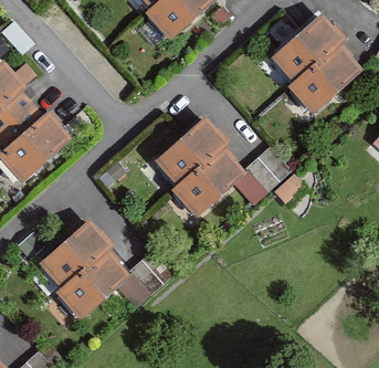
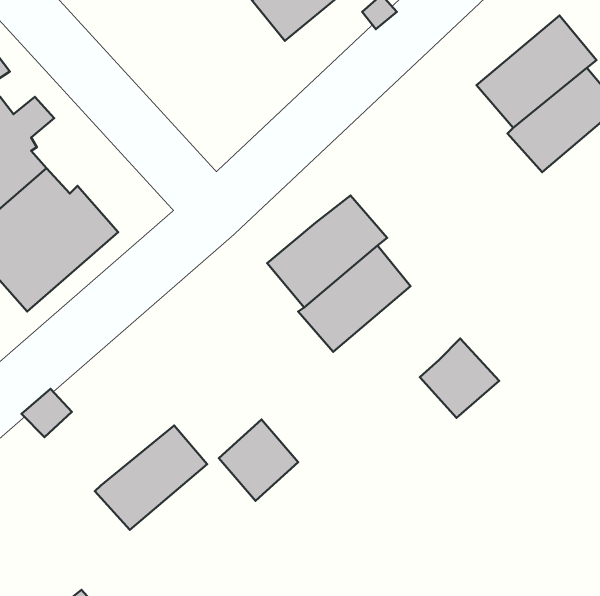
building: [246,147,292,192] -> [420,338,499,418]
building: [41,223,109,287] -> none

